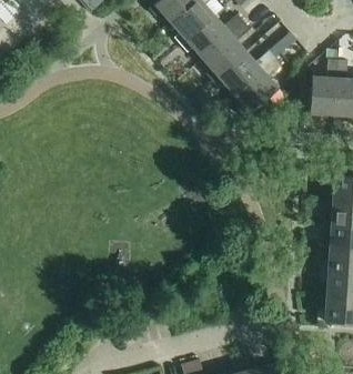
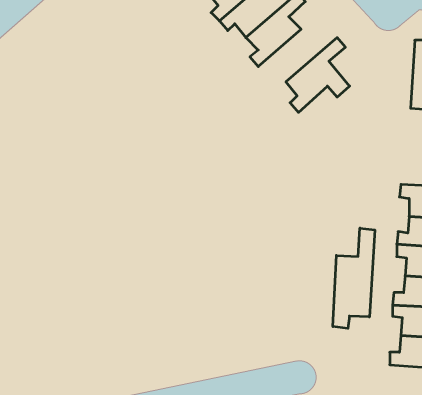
building: [309,49,339,121] -> none
building: [212,50,275,93] -> none
building: none -> [333,228,375,328]

